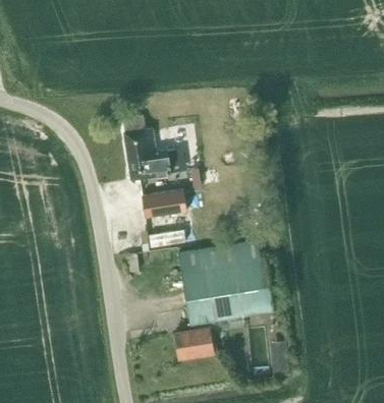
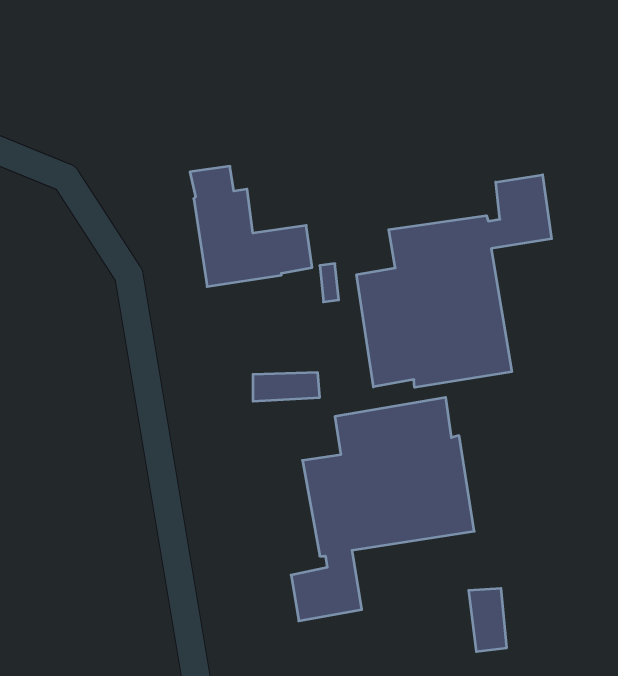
building: none -> [357,175,552,387]
building: [142,189,185,218] -> none

